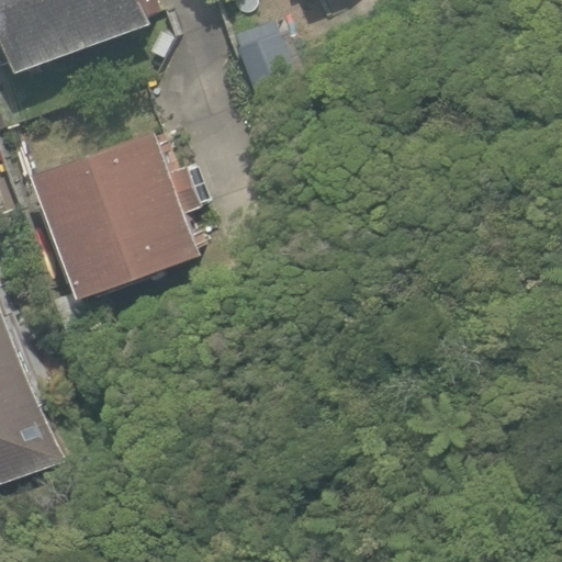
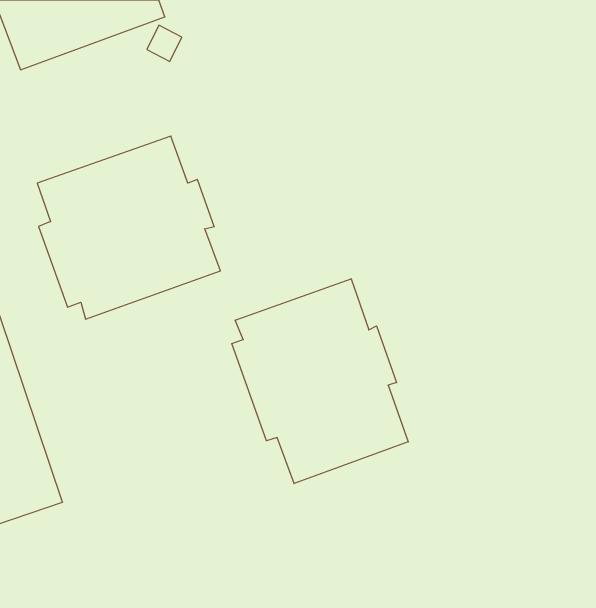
building: none -> [232,279,408,484]

